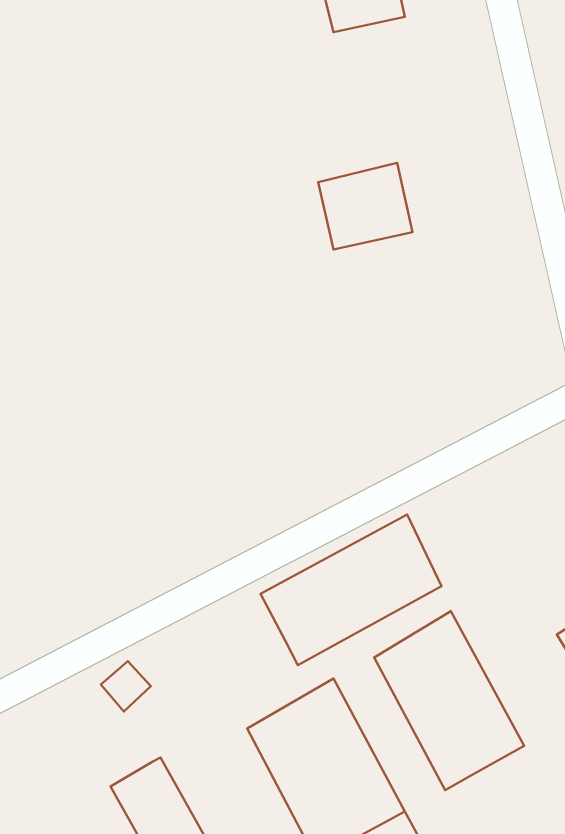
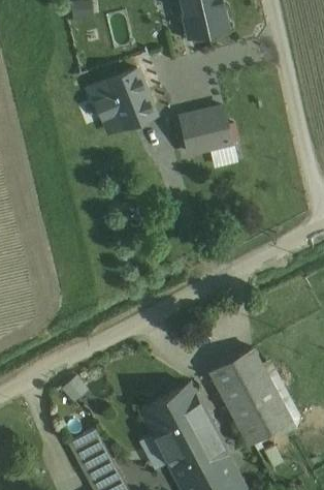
building: none -> [92,71,155,132]
building: [261,514,441,665] -> none

